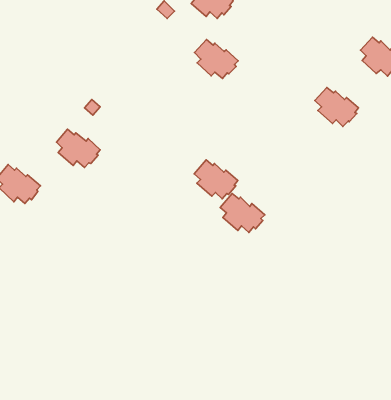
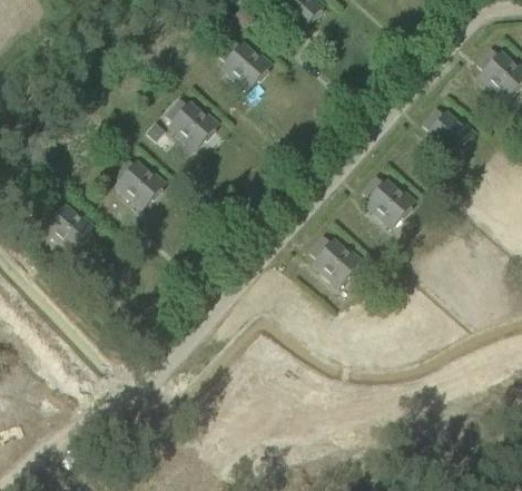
building: [194,39,238,79] -> [219,40,272,87]
building: none -> [166,99,219,146]
building: [194,160,238,199] -> [363,177,415,224]

